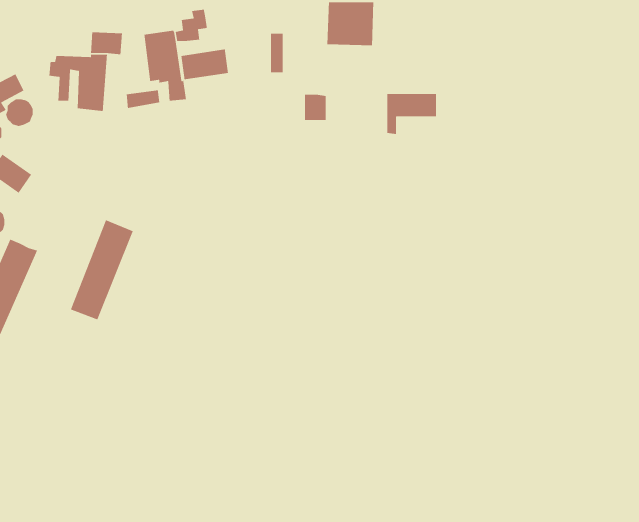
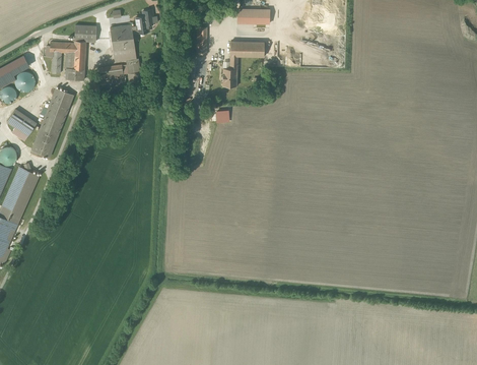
building: [180,49,229,80] -> none
building: [386,93,437,135] -> [228,41,263,69]
building: [70,219,134,320] -> [28,88,72,158]

